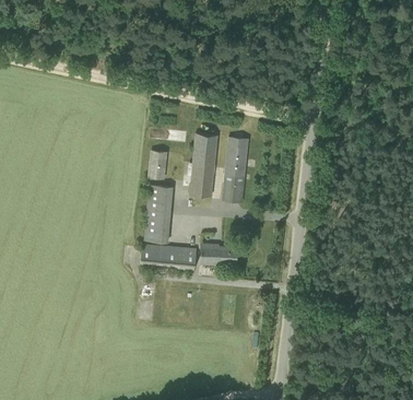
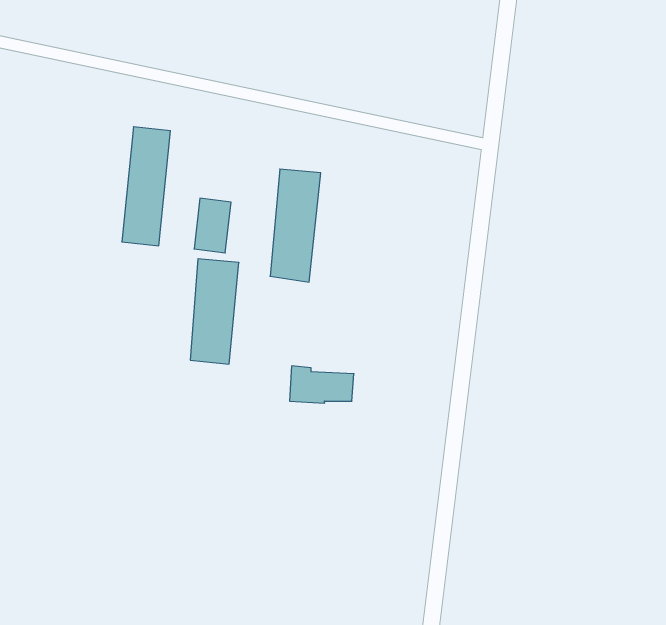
building: [222,136,249,202] -> [122,127,170,246]
building: [141,244,197,270] -> none

